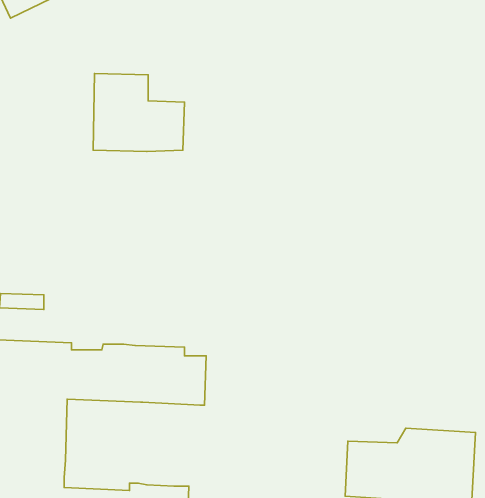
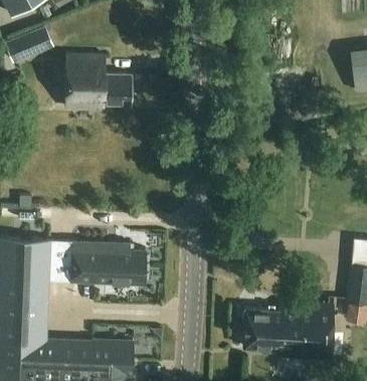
building: none -> [6,26,54,62]

